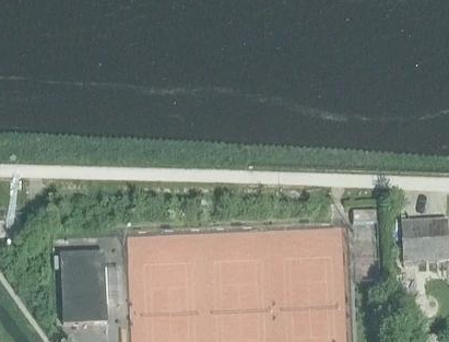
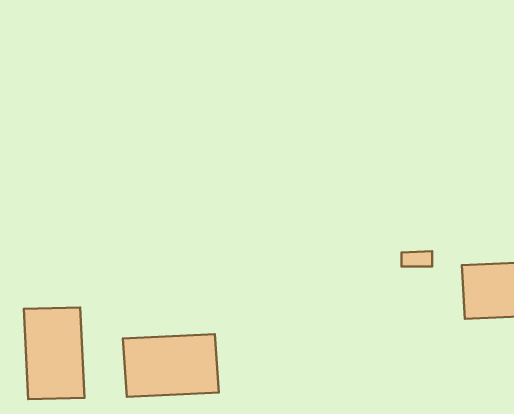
building: none -> [123,334,219,397]

